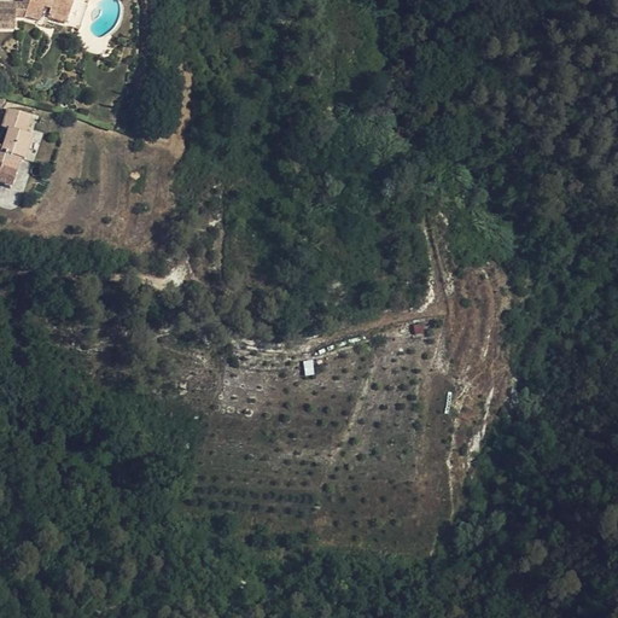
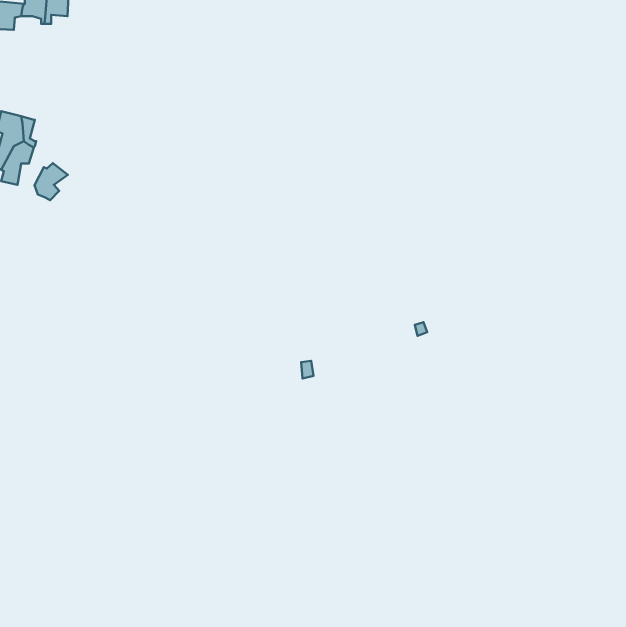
building: none -> [34,163,68,200]

